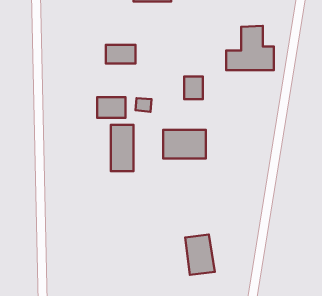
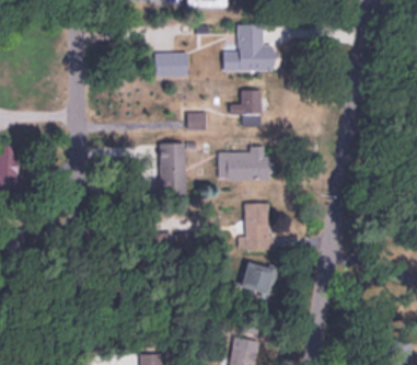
building: [226,26,274,70] -> [223,22,276,71]
building: [97,97,125,118] -> none
building: none -> [244,199,271,250]

